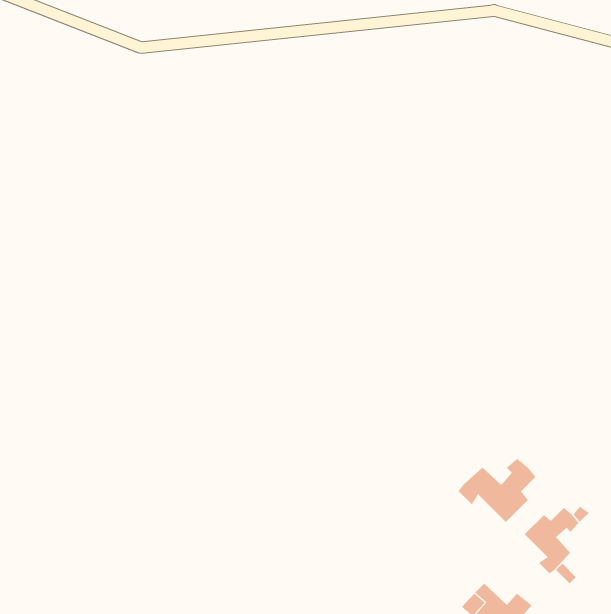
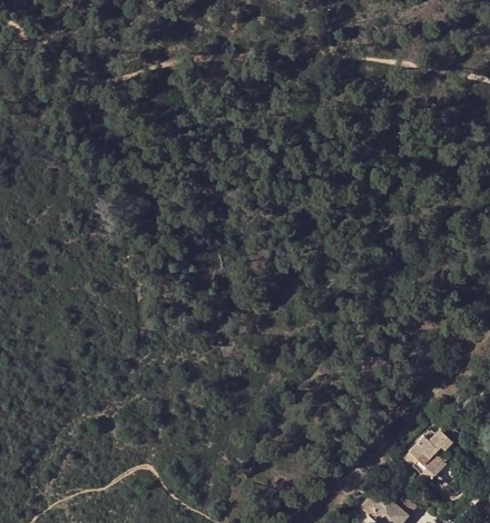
building: [458,458,536,523] -> none

